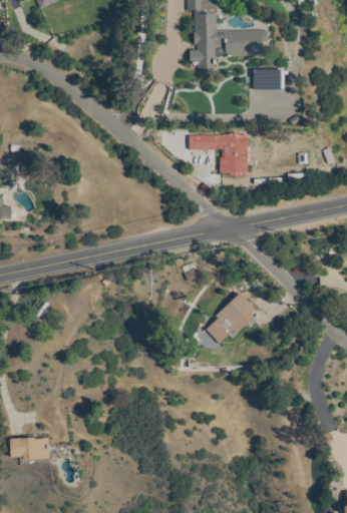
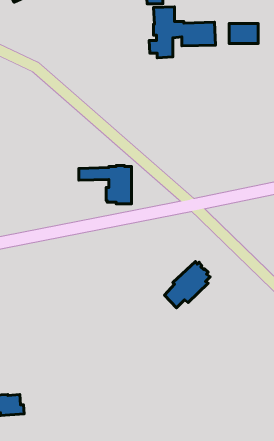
building: [253,69,285,91] -> [229,24,258,44]
building: [189,133,247,175] -> [79,166,132,204]

